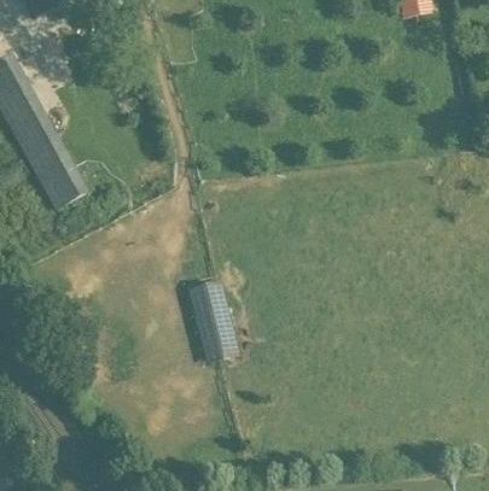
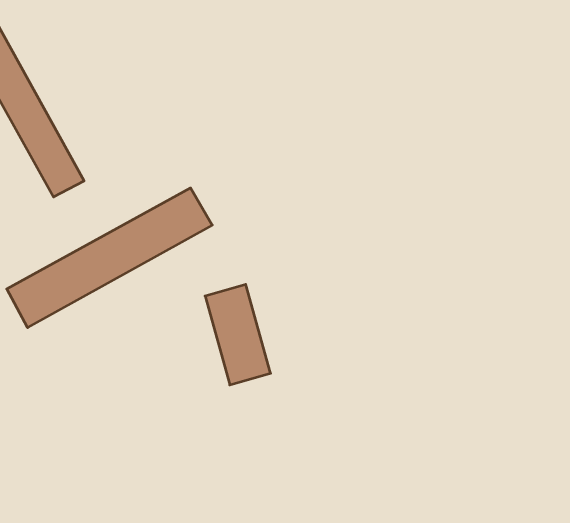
building: none -> [7,188,212,328]

